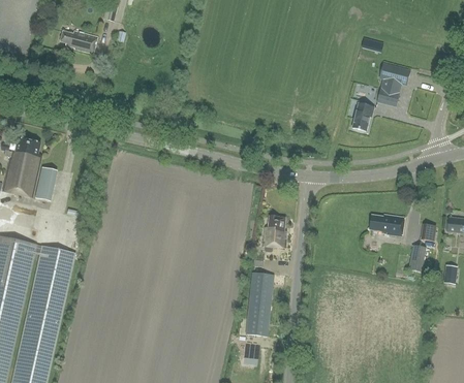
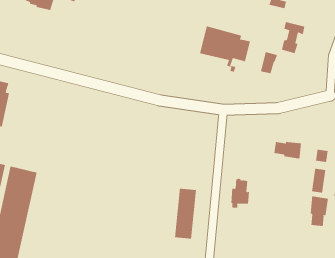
building: none -> [200,26,251,73]
building: [34,166,57,200] -> none
building: [262,213,286,251] -> [231,177,250,208]
building: none -> [310,196,329,227]

